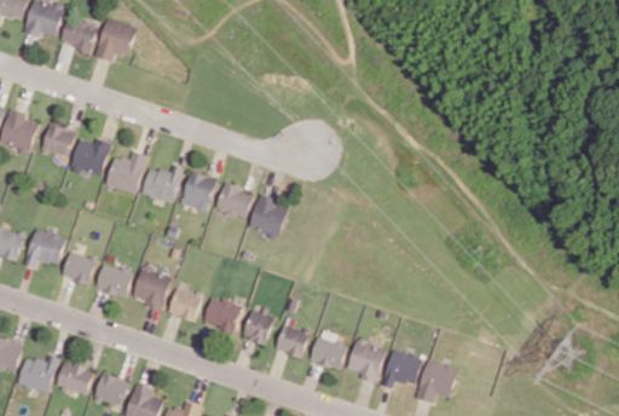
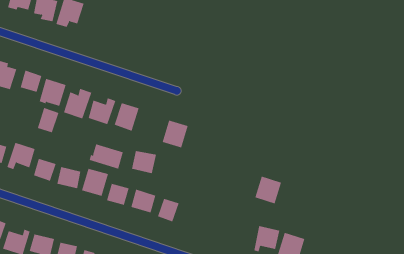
building: none -> [37,107,59,133]
building: [215,185,253,219] -> [131,150,157,174]
building: none -> [89,143,124,170]
building: [276,327,307,357] -> none
building: [310,337,347,370] -> none
building: [346,339,386,380] -> [255,176,282,204]

